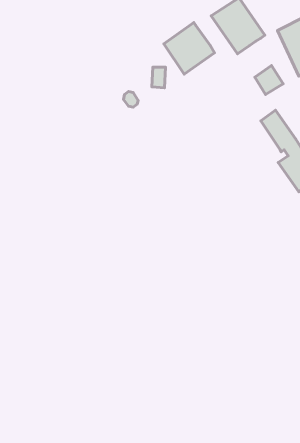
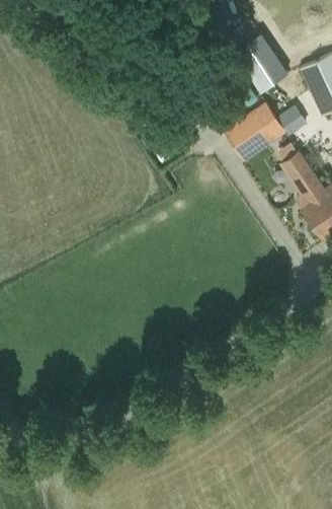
building: [164,23,214,74] -> [223,107,275,161]

